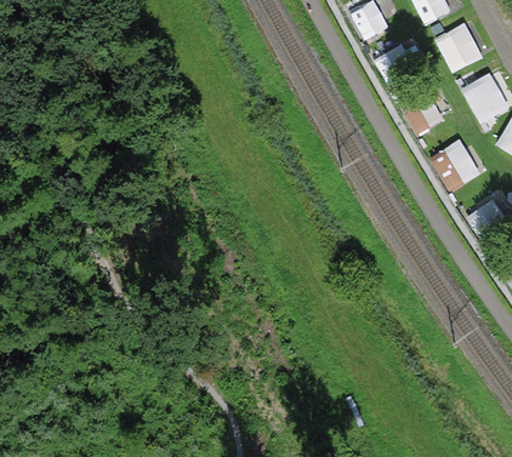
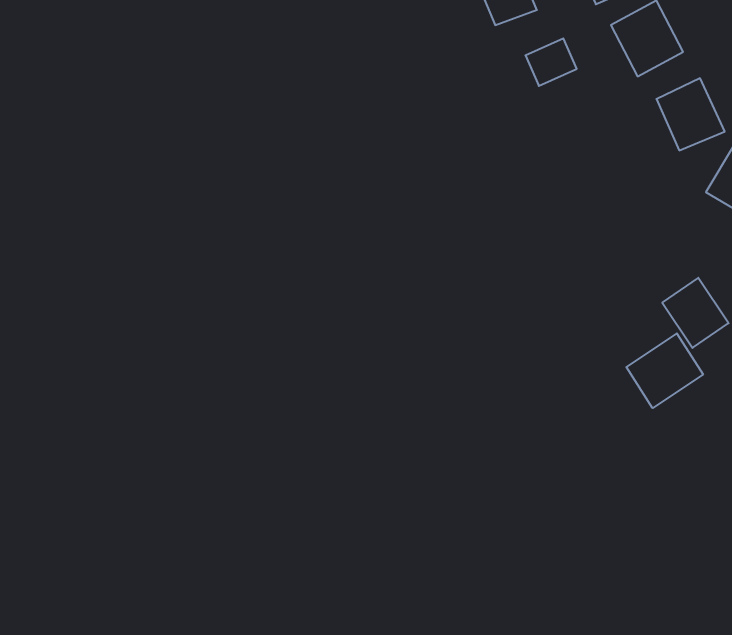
building: [428,137,480,190] -> none
building: none -> [626,333,703,408]

